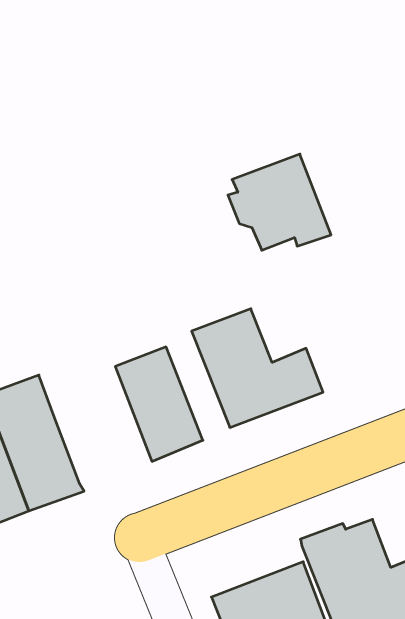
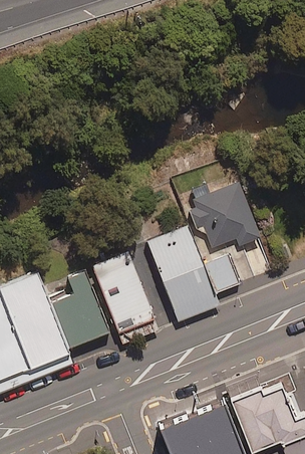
building: [228,154,331,250] -> [189,181,262,249]
building: none -> [49,271,110,350]

